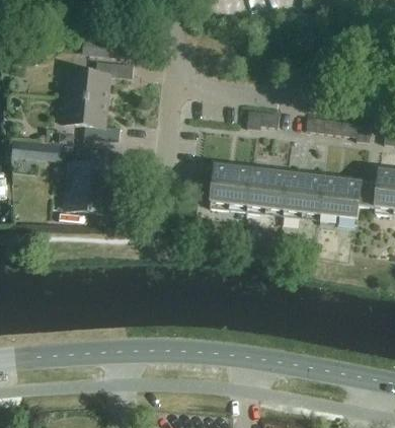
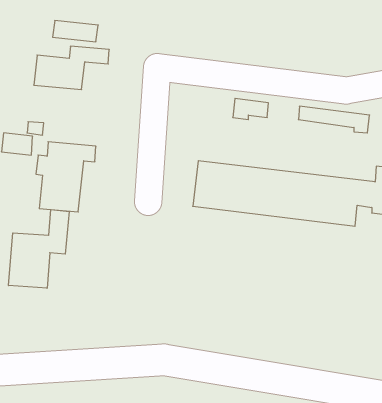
building: [62,94,121,138] -> none
building: none -> [9,210,69,288]

